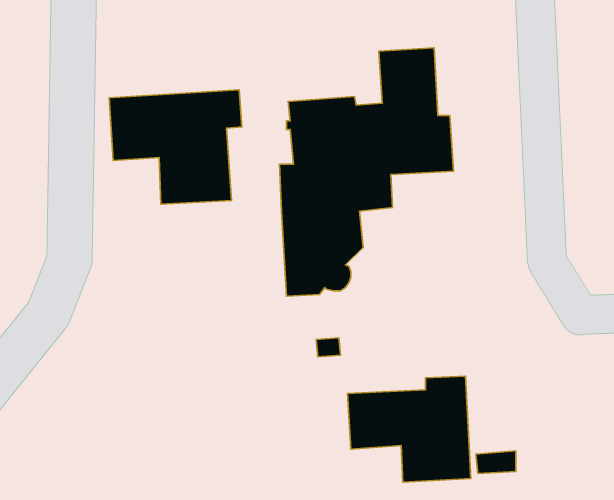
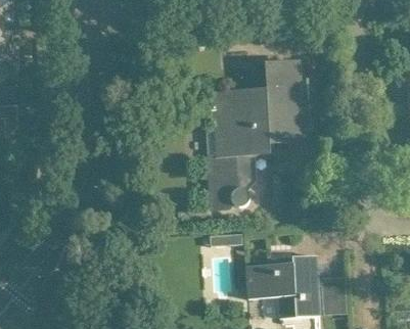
building: [109,90,242,204] -> none

